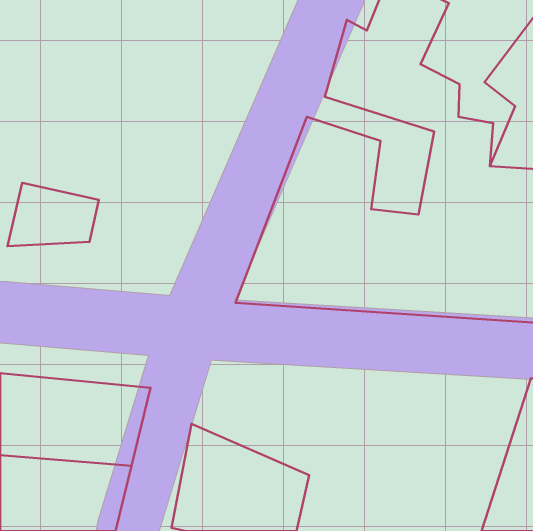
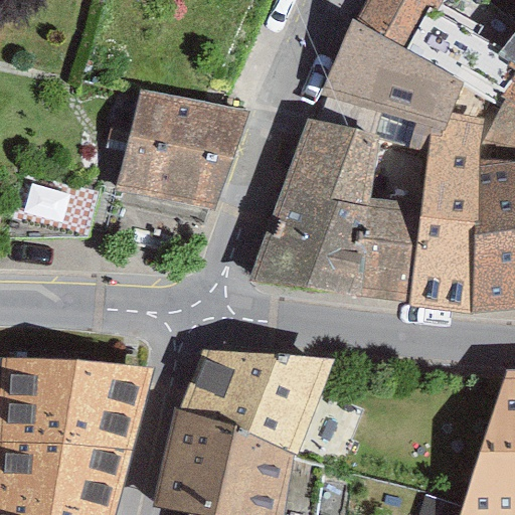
building: none -> [114,94,237,221]
building: none -> [187,347,337,455]

